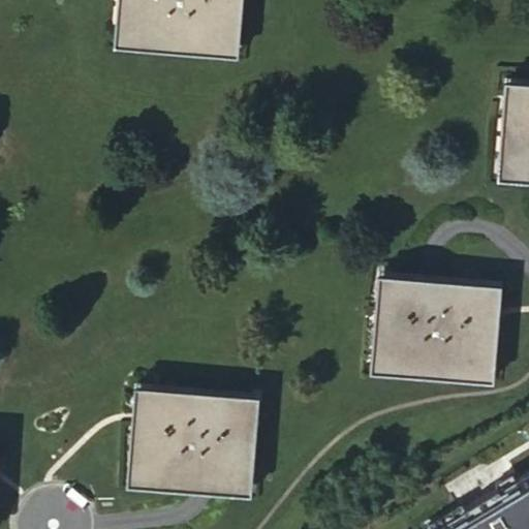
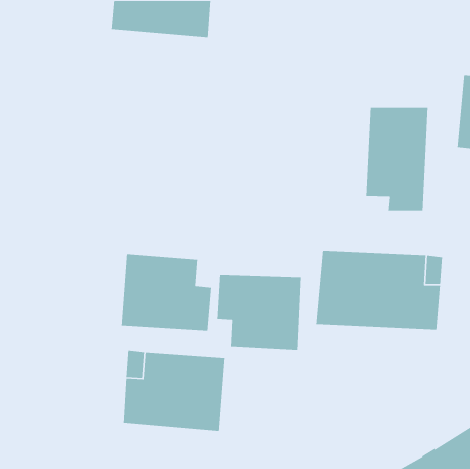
building: none -> [366,107,428,212]
building: none -> [121,253,212,332]
building: none -> [216,274,302,351]

